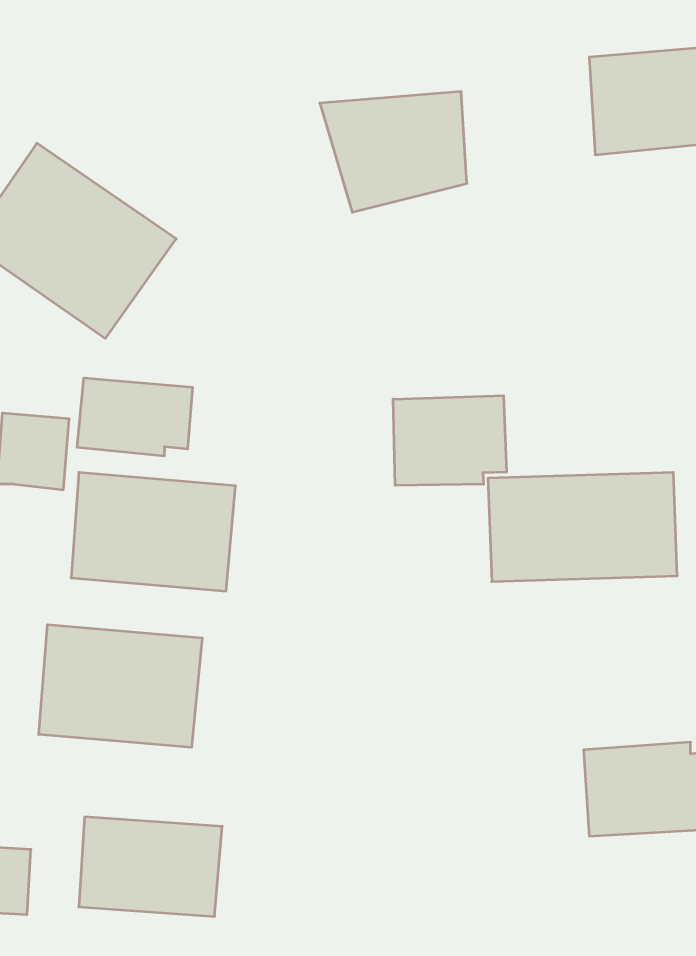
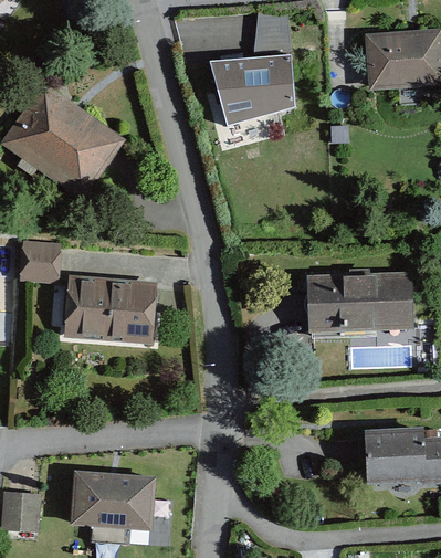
building: none -> [252,8,288,54]
building: [77,378,192,456] -> none
building: [393,396,506,485] -> none
building: [39,625,202,747] -> none

